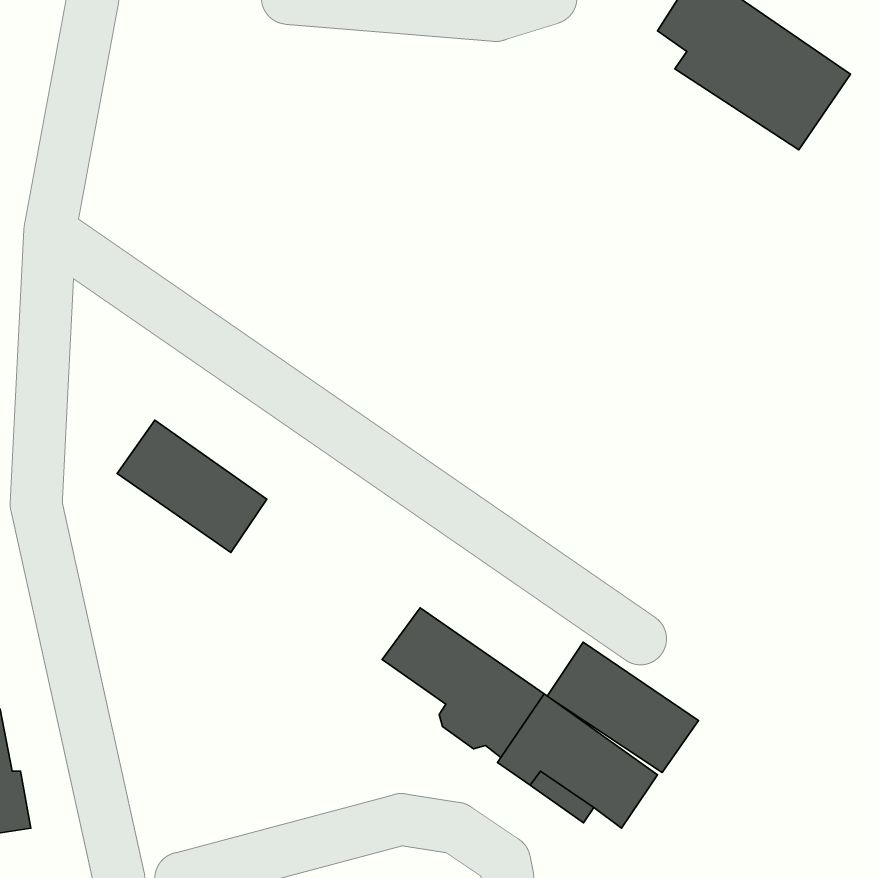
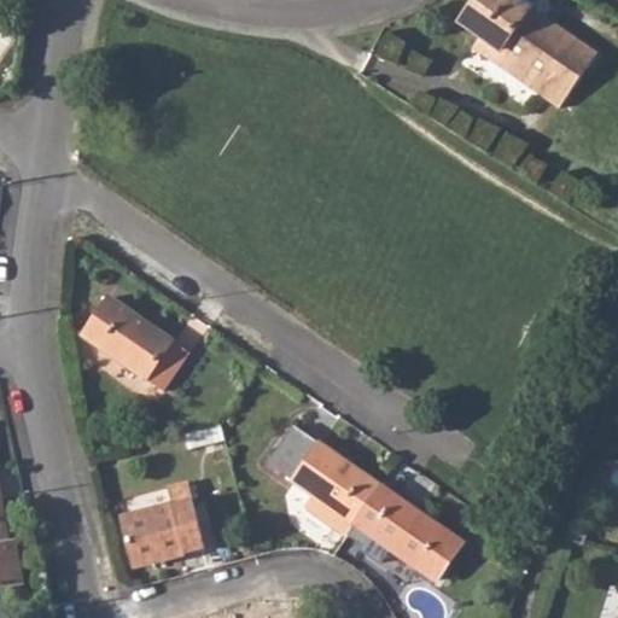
building: [547,642,698,773] -> none
building: none -> [116,483,204,566]

